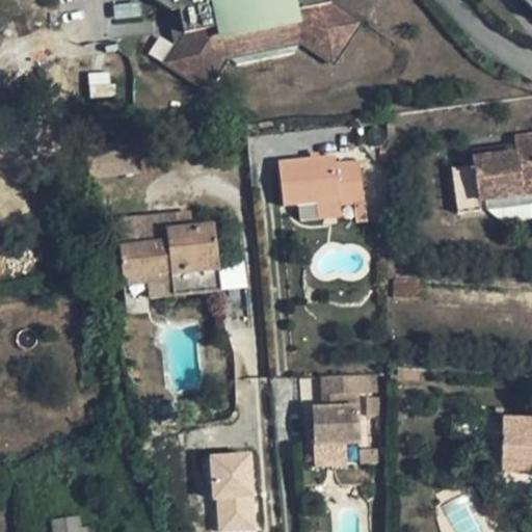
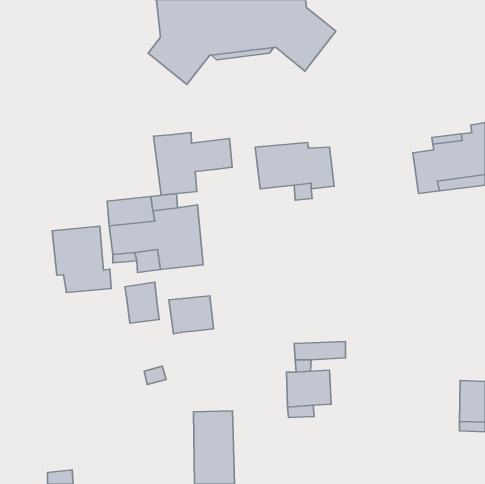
building: none -> [154,133,232,195]
building: none -> [52,226,111,293]
building: none -> [125,282,159,323]
building: none -> [169,296,214,334]

